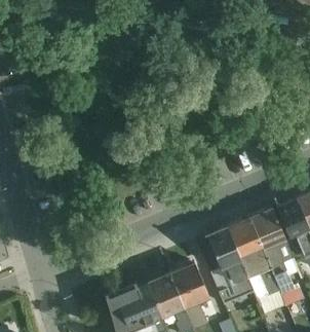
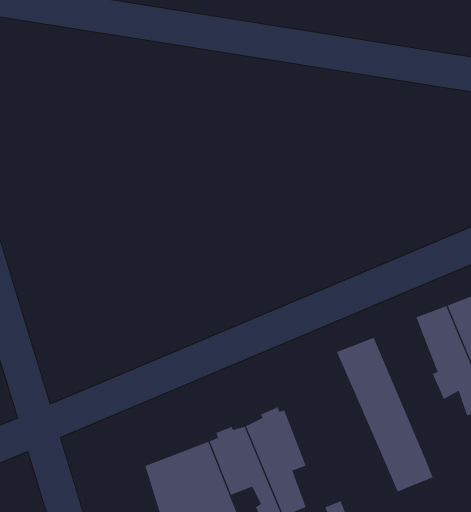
building: [249,207,302,294] -> none
building: [206,226,254,302] -> none

